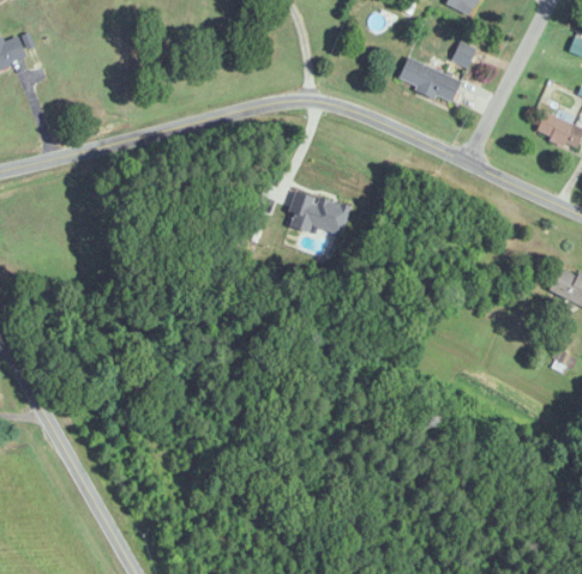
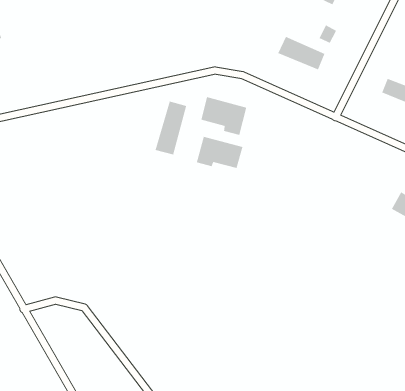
building: none -> [200,96,247,136]
building: none -> [155,100,187,156]

